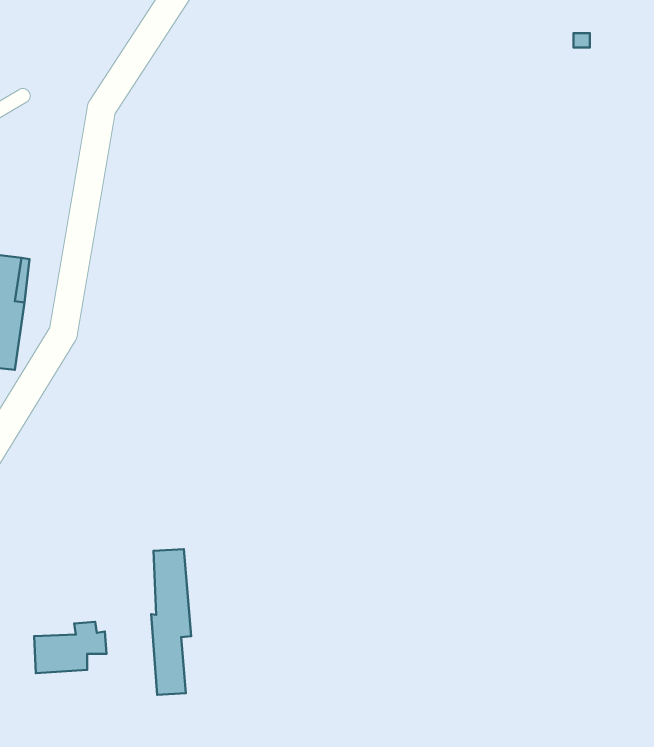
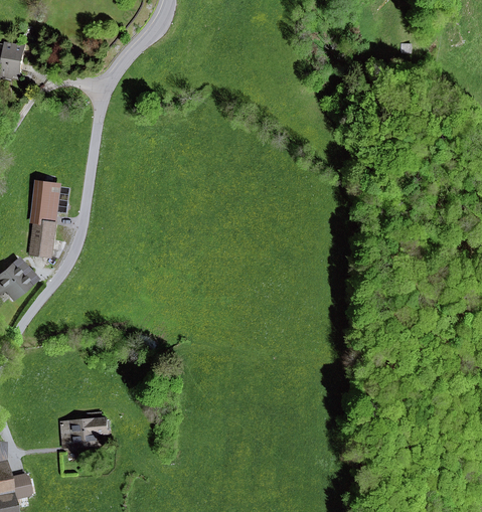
building: [151,549,191,695] -> none

